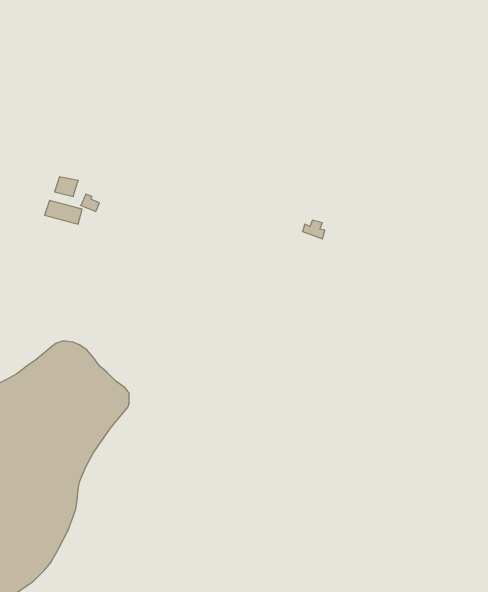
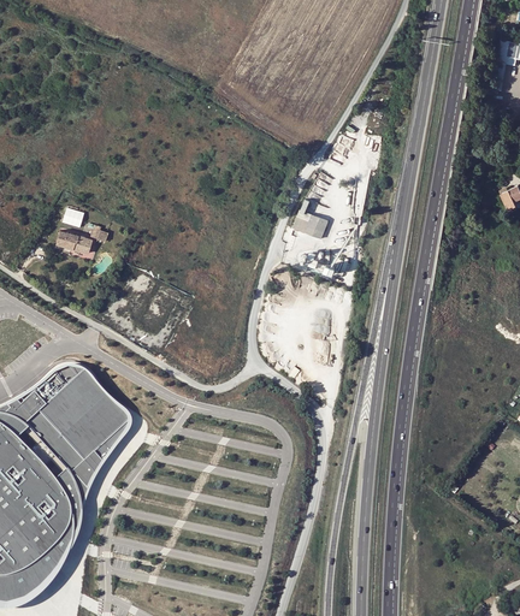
building: none -> [289,208,324,237]

